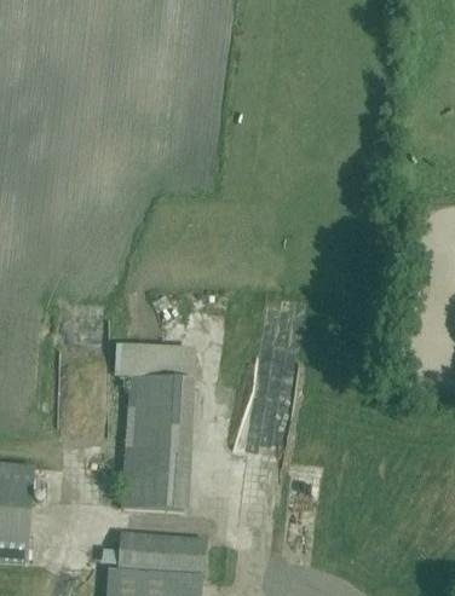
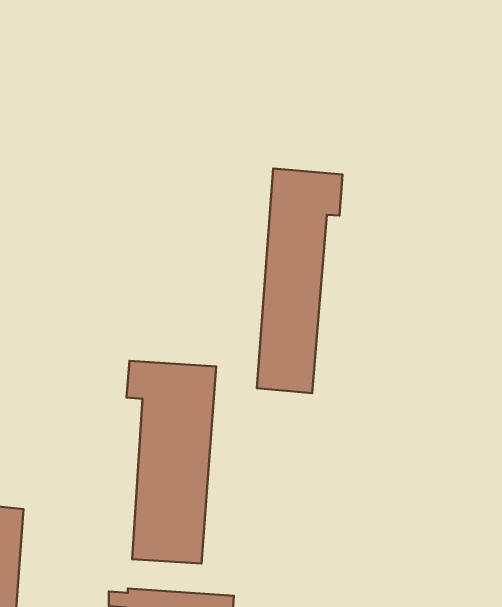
building: none -> [257,169,343,393]

